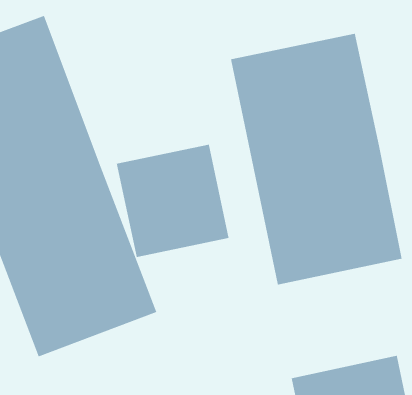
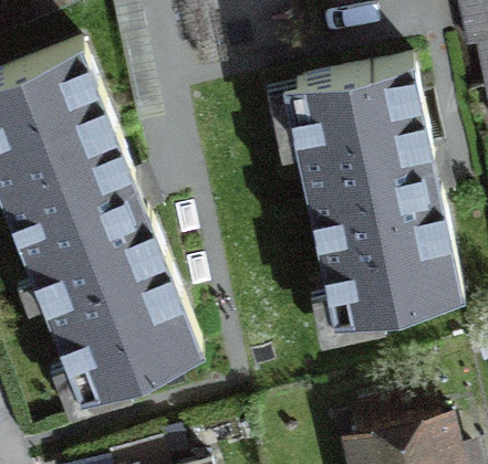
building: [116,144,229,258] -> none

